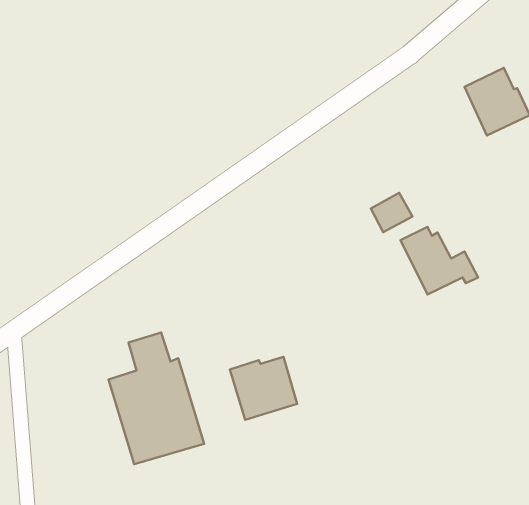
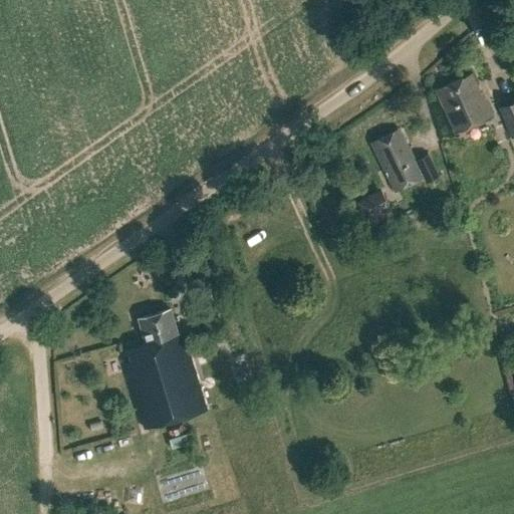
building: [400,227,478,294] -> [371,131,441,191]
building: [230,357,297,420] -> none

